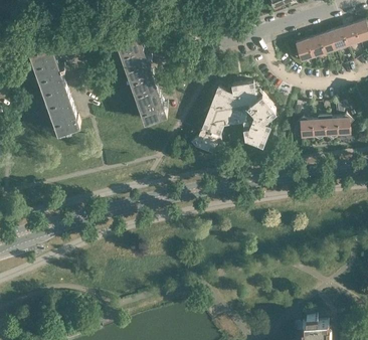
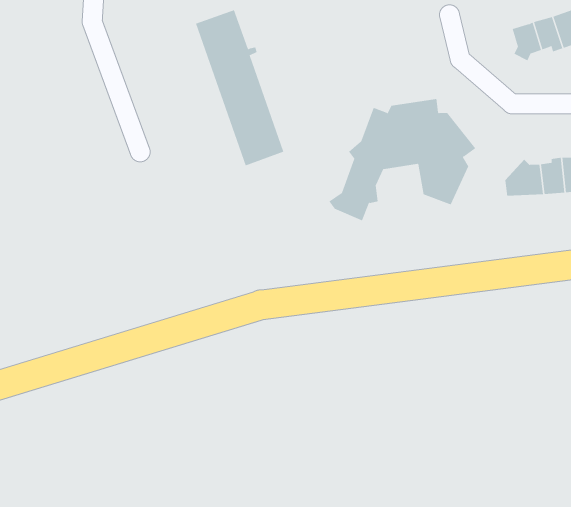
building: [31,43,81,132] -> none

